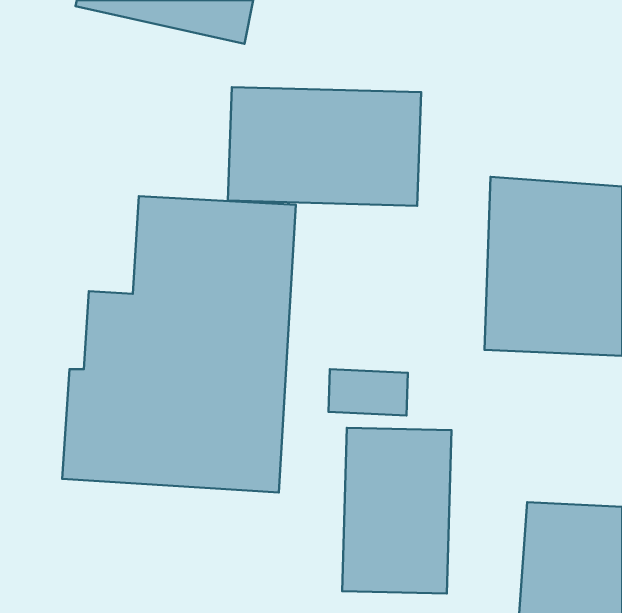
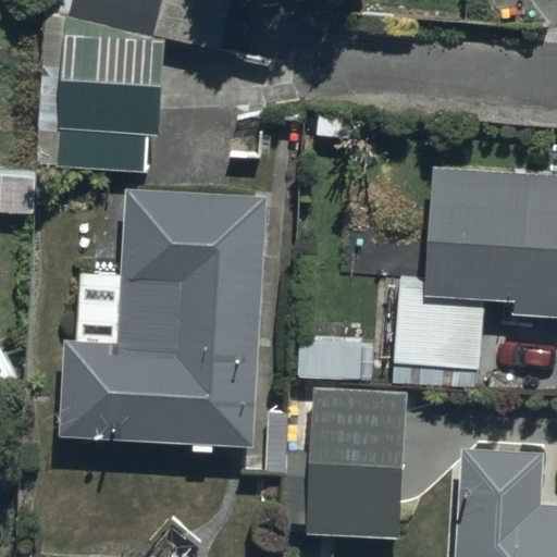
building: none -> [40,14,161,173]
building: [228,87,421,206] -> none

